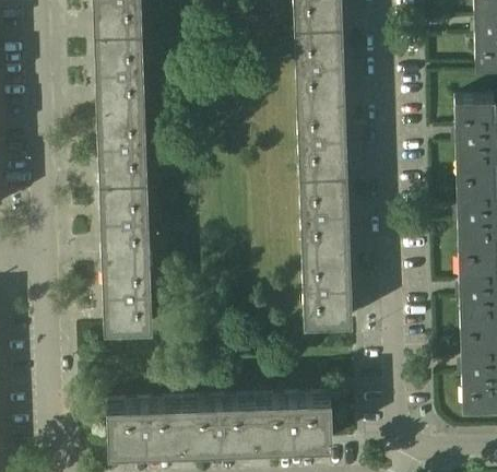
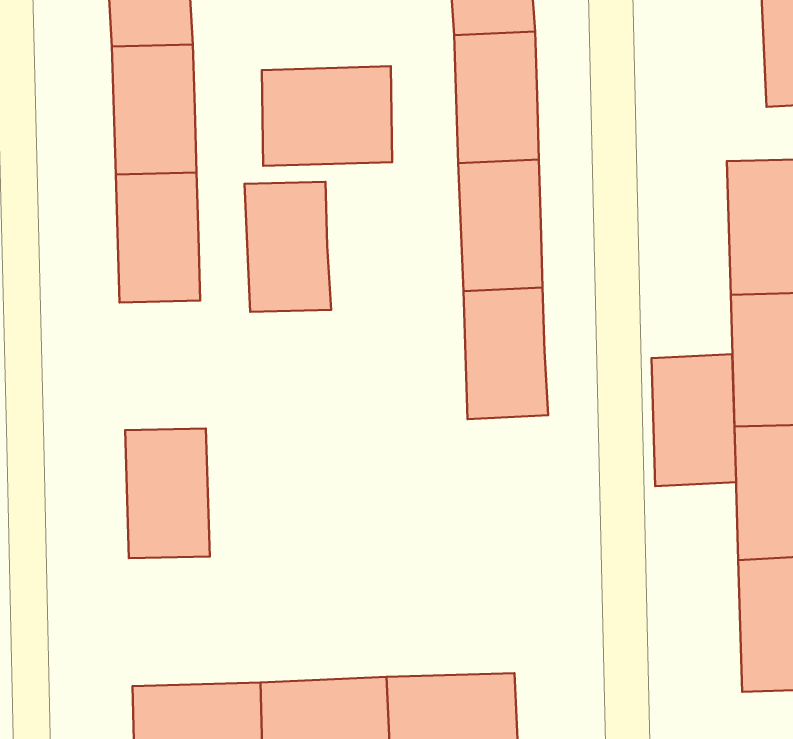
building: none -> [262,66,392,166]
building: [100,181,151,257] -> [245,182,331,312]
building: [303,248,352,324] -> [651,354,736,486]

